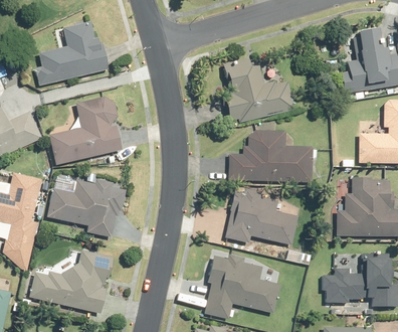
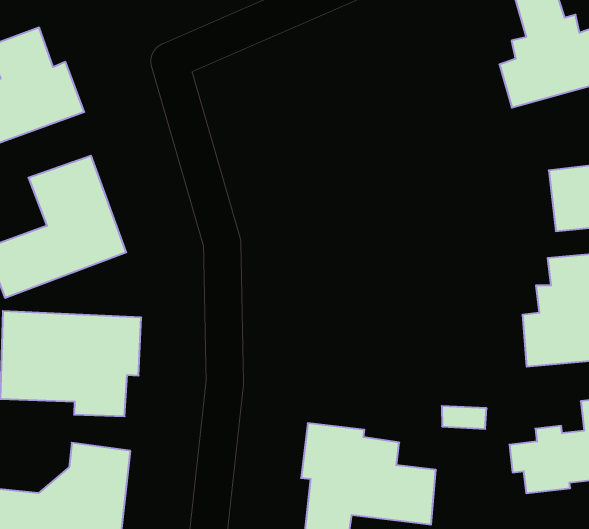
building: [220,60,298,123] -> none
building: [228,130,310,181] -> none
building: [224,187,296,244] -> none

